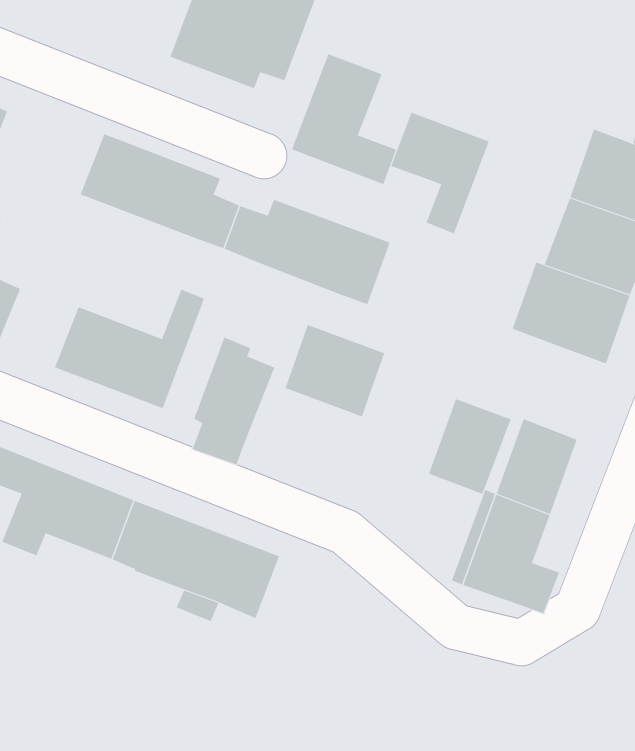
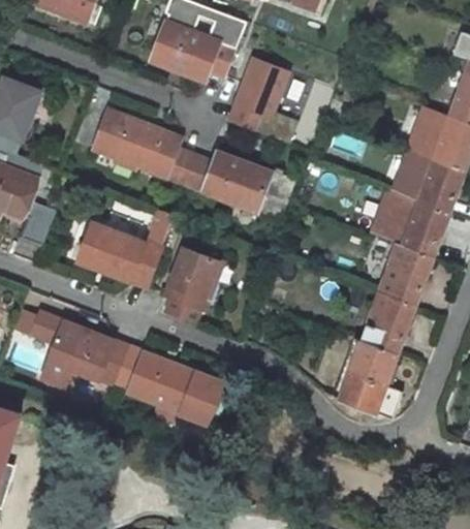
building: [391,112,489,234] -> none
building: [285,324,385,417] -> none
building: [428,398,512,494] -> [379,245,433,307]

